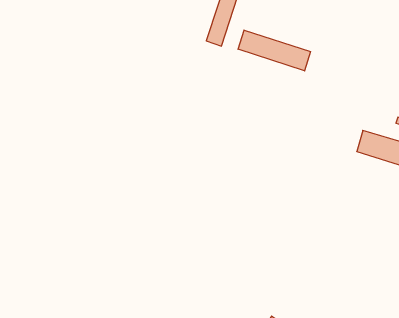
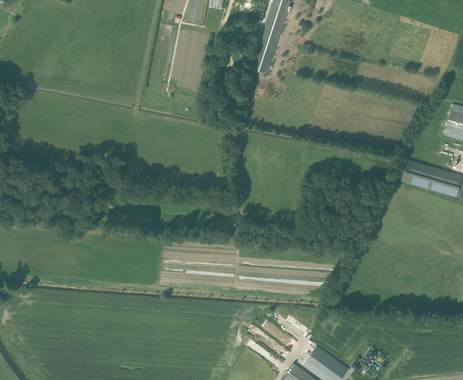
building: [238,30,311,71] -> none

